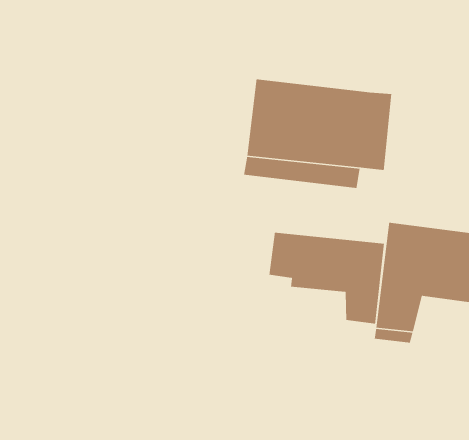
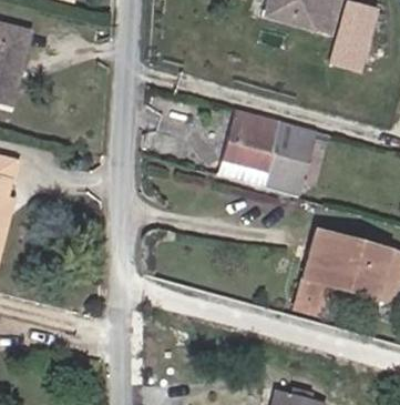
building: [269,232,385,324] -> none

